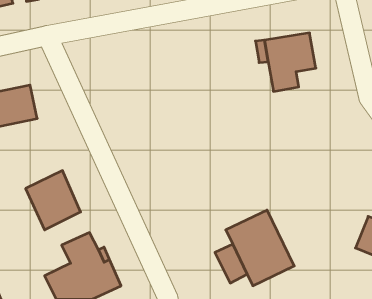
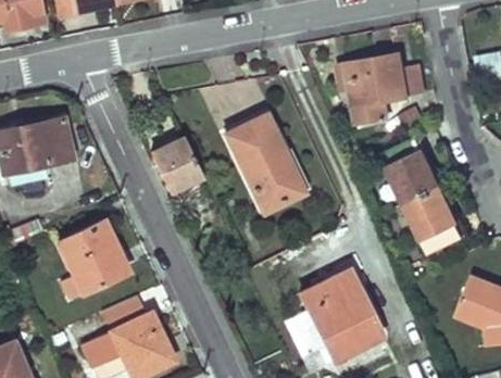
building: none -> [226,114,305,213]
building: none -> [381,137,465,253]
building: none -> [152,139,202,191]

